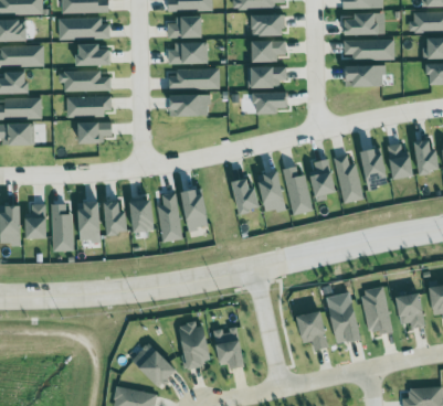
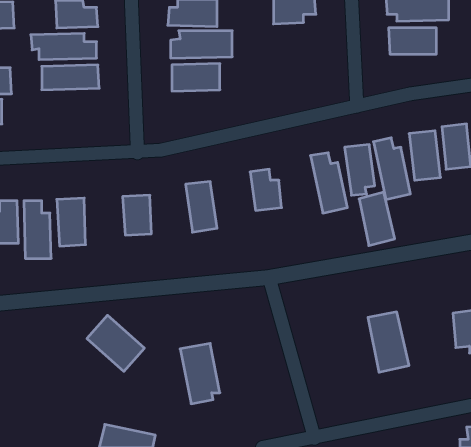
building: [246,67,286,89] -> none
building: [254,93,287,115] -> none
building: [78,122,112,145] -> none
building: [257,171,286,214] -> [359,192,395,246]
building: [156,193,182,243] -> none
building: [105,202,127,235] -> none
building: [360,286,391,334] -> none
building: [298,311,327,349] -> none
building: [213,325,243,367] -> none
building: [130,342,177,387] -> [87,315,144,371]

